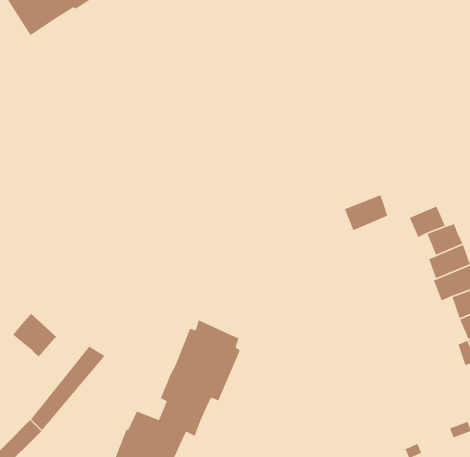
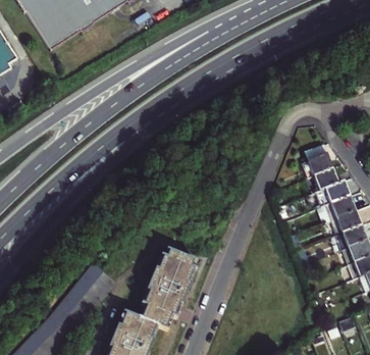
building: [344,194,388,231] -> [303,152,333,178]
building: [12,313,58,358] -> none

